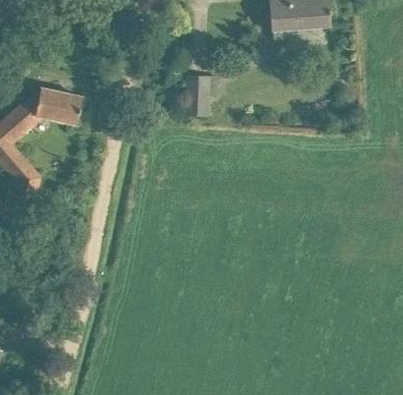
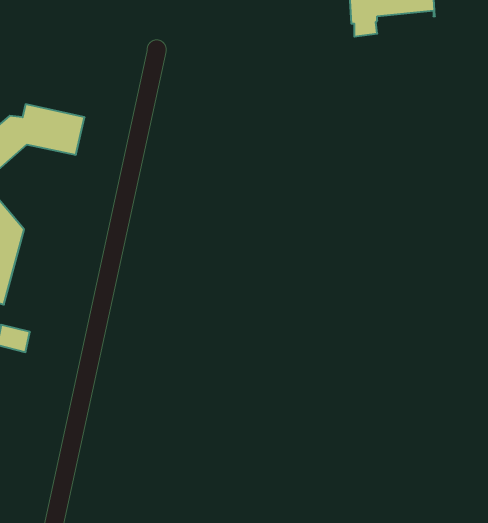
building: [186,76,210,116] -> none

